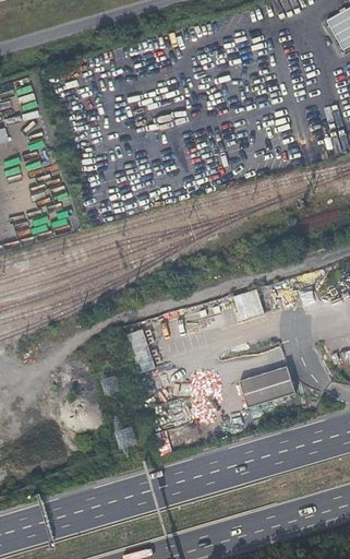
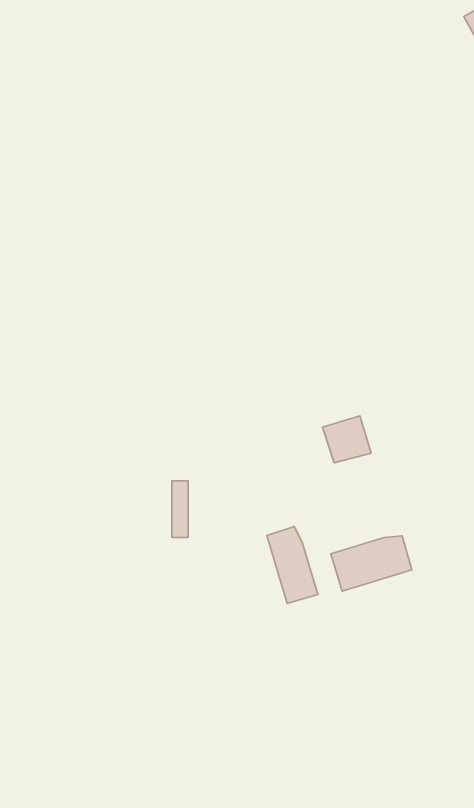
building: none -> [267,527,318,604]

